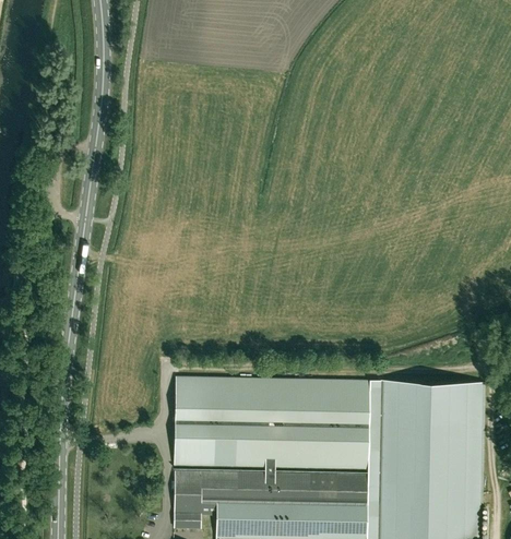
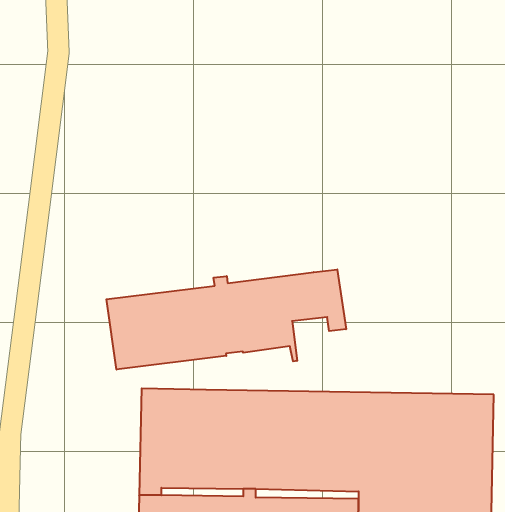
building: none -> [106,269,346,370]

